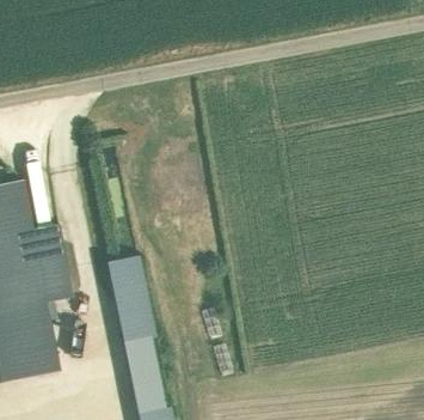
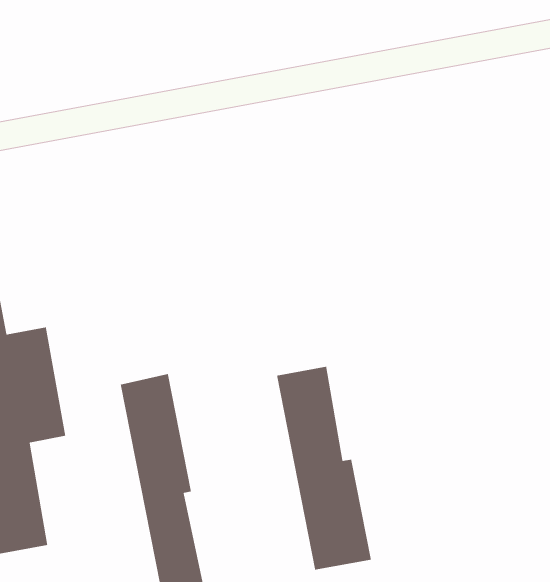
building: none -> [276,366,372,570]

